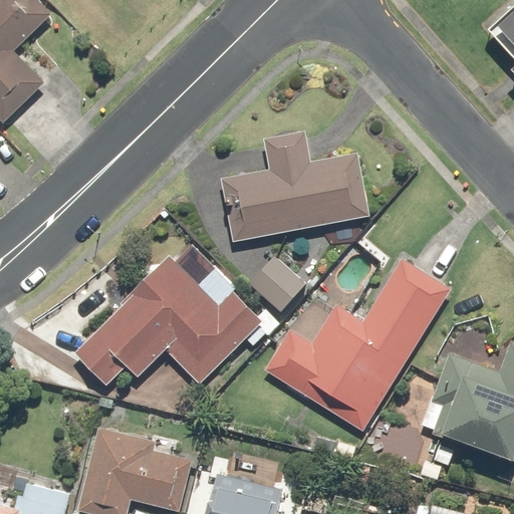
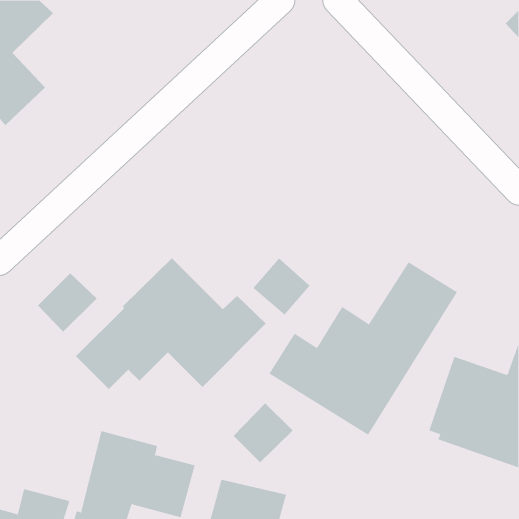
building: [221,131,370,242] -> none
building: none -> [37,273,97,332]
building: none -> [233,402,293,463]

